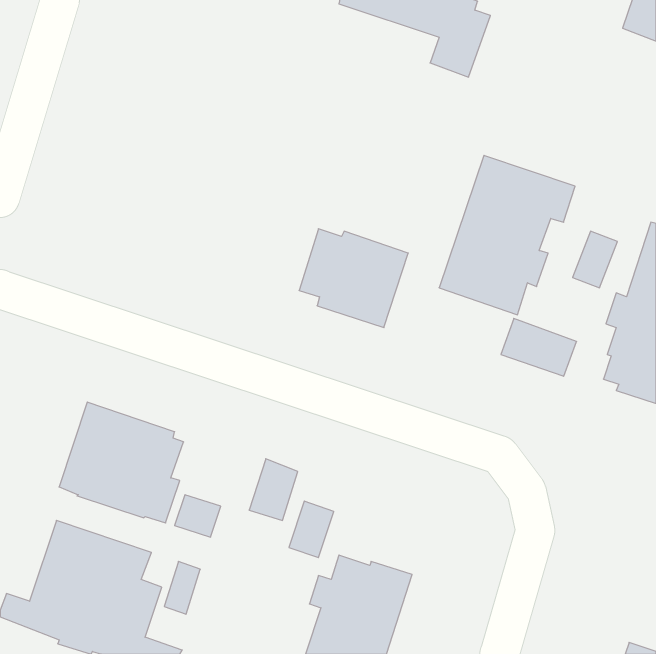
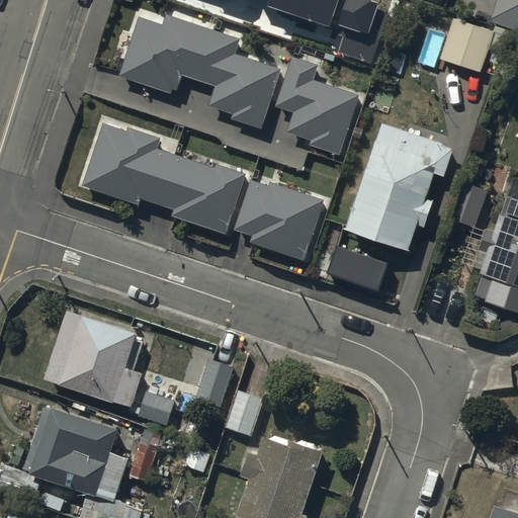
building: none -> [118,13,281,126]
building: none -> [441,22,493,74]
building: none -> [276,56,358,152]
building: none -> [82,122,246,232]
building: [501,318,577,376] -> [328,244,387,289]

